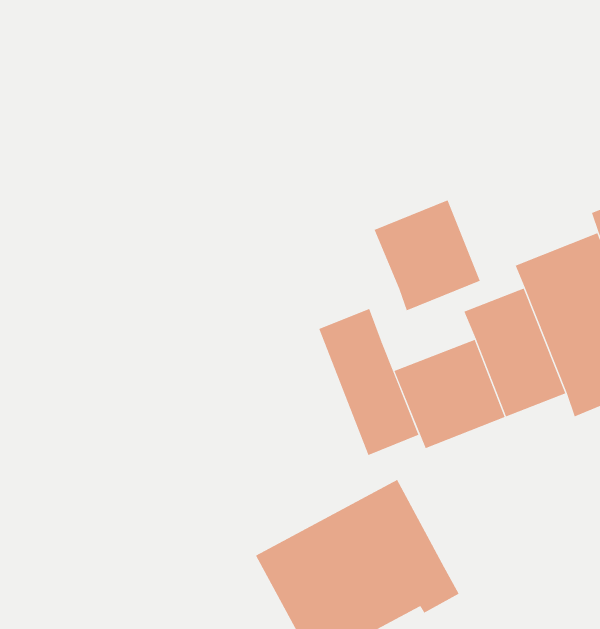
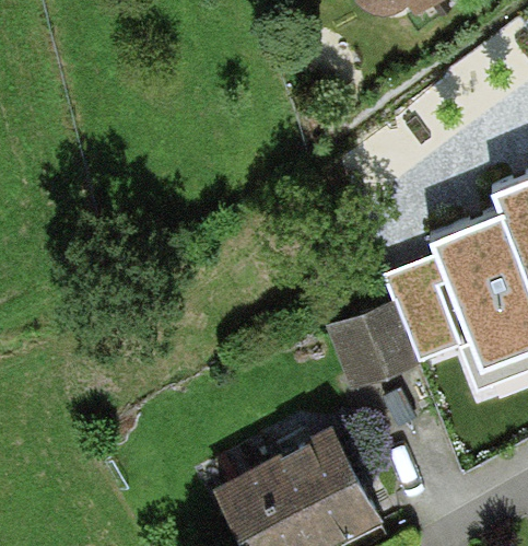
building: [374,199,481,311] -> none
building: [319,308,419,456] -> none

